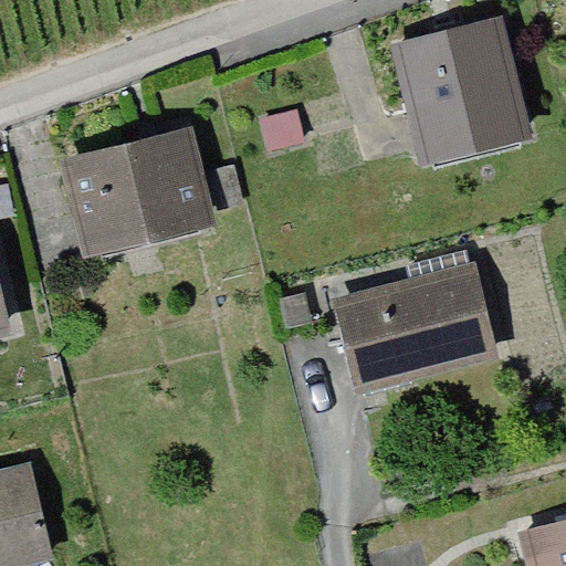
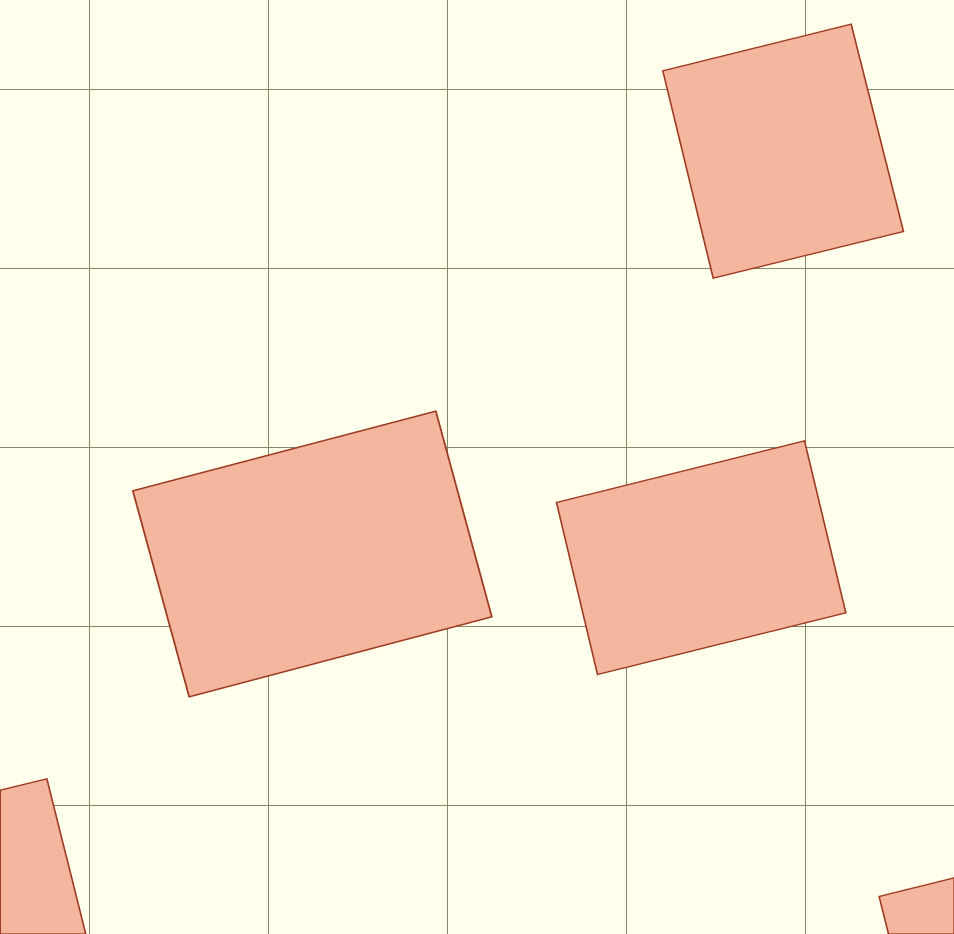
building: [61,127,213,261] -> none
building: none -> [133,411,492,697]

